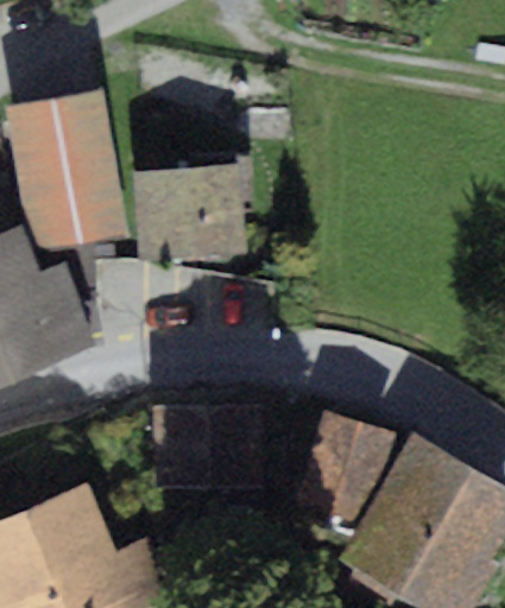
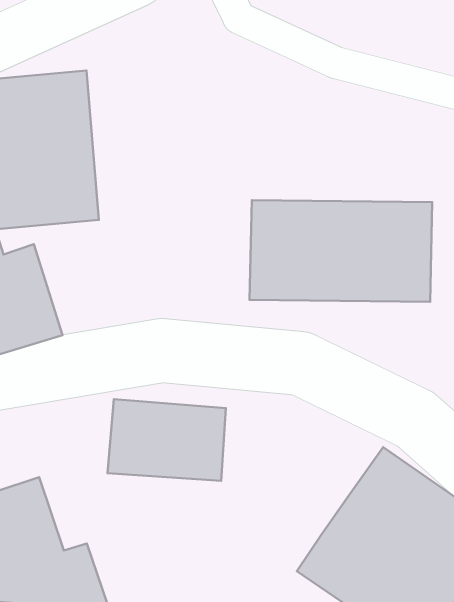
building: [133,165,244,260] -> none
building: none -> [250,200,432,302]
building: [296,412,394,521] -> none

